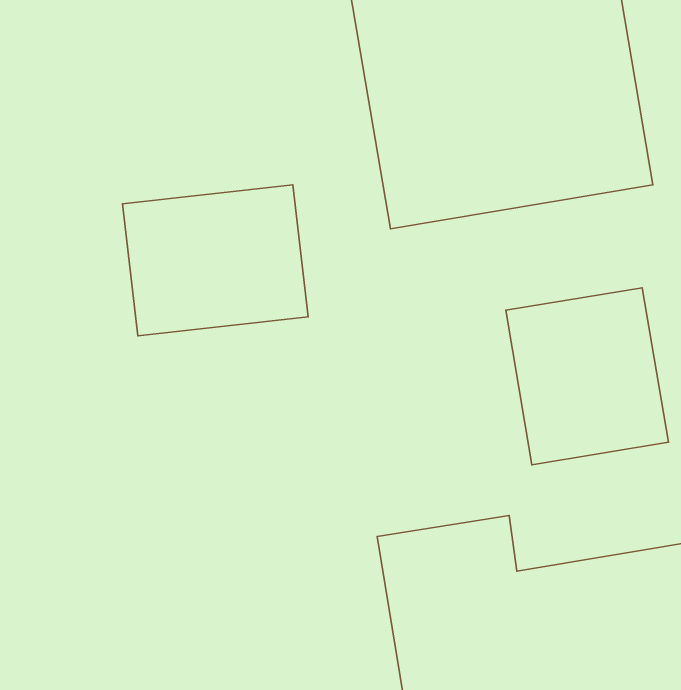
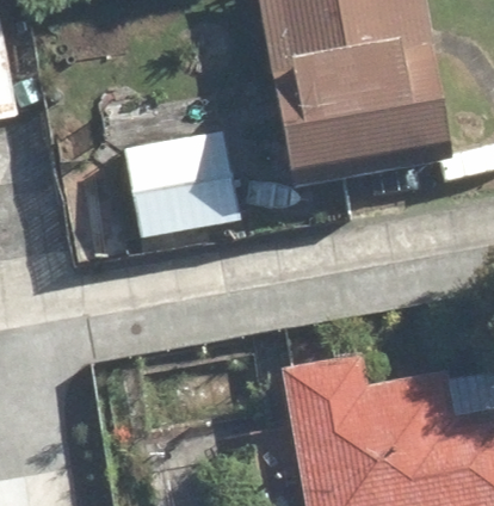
building: [506,288,668,465] -> none

